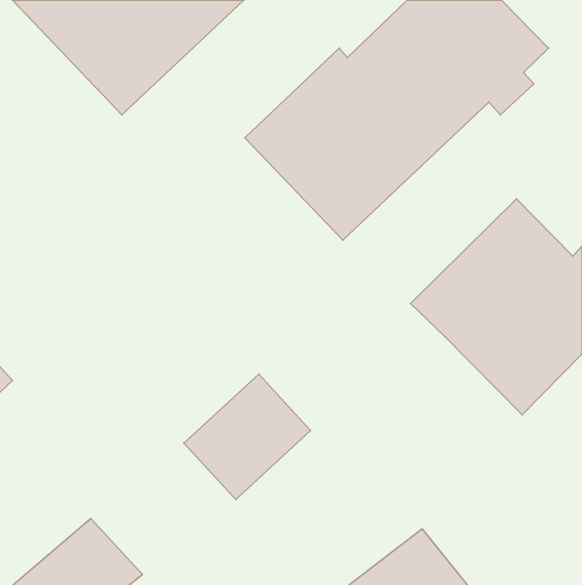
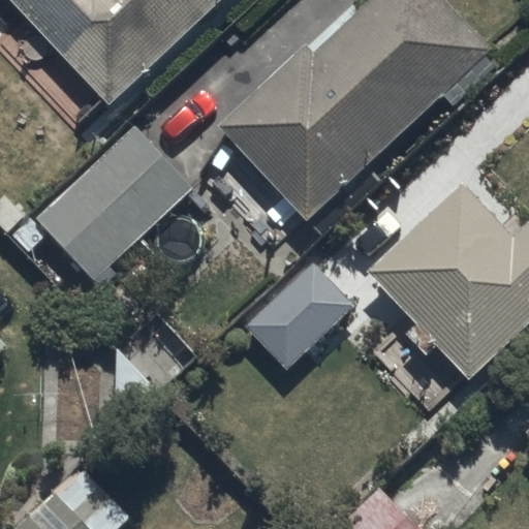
building: none -> [29,120,194,289]
building: [184,374,310,499] -> [238,259,351,372]

